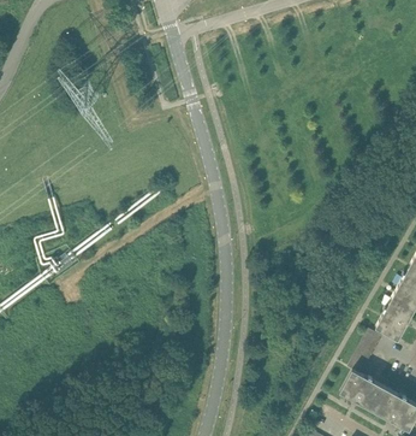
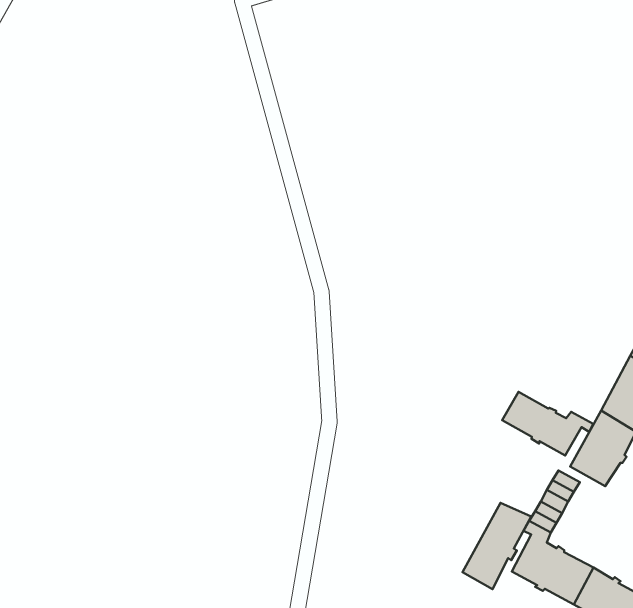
building: none -> [502,392,593,456]
building: none -> [463,503,531,589]

